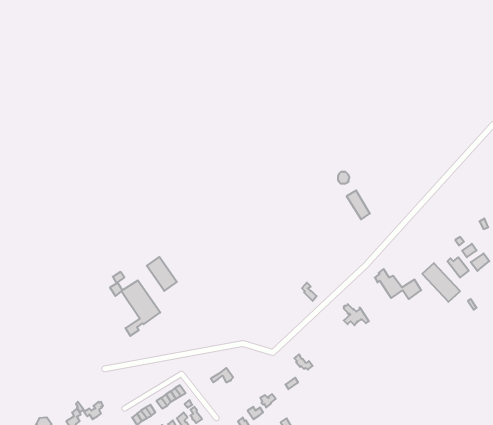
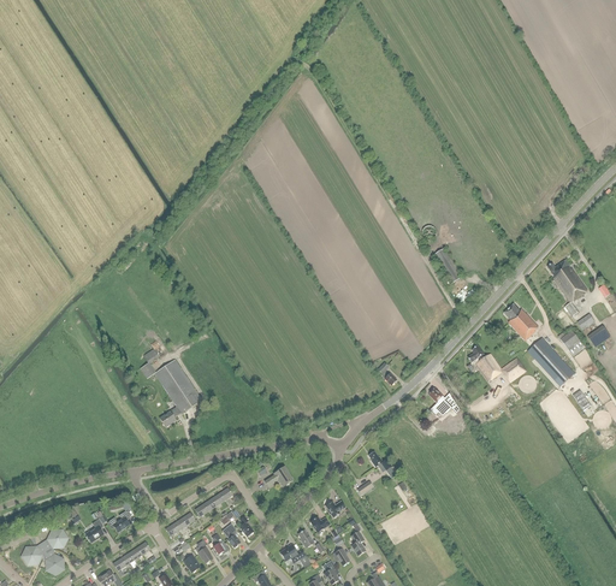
building: none -> [547,259,587,301]
building: none -> [504,303,539,339]
building: [147,257,177,291] -> none

